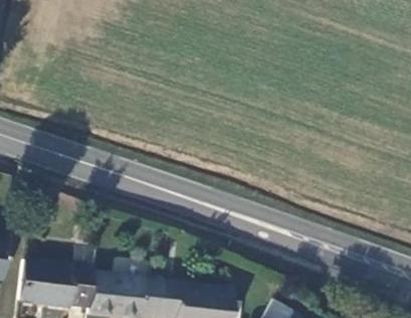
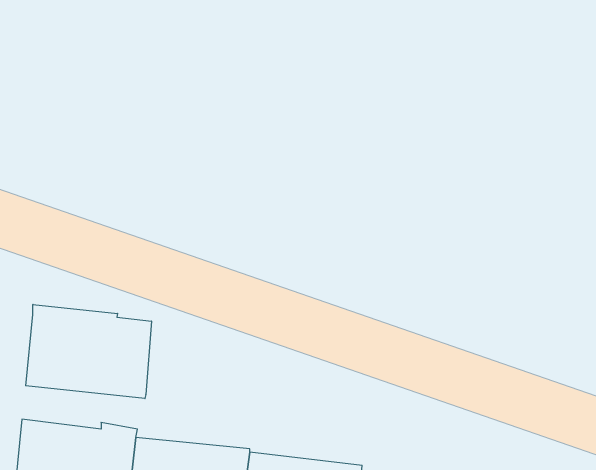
building: none -> [26,304,151,399]

